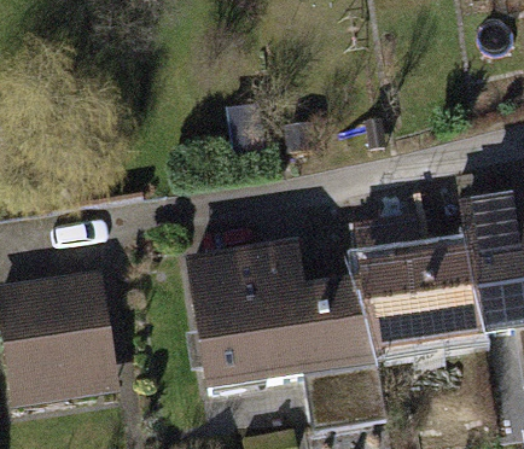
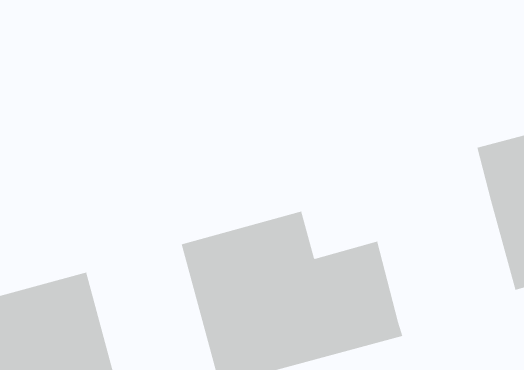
building: [356,212,484,350] -> none

